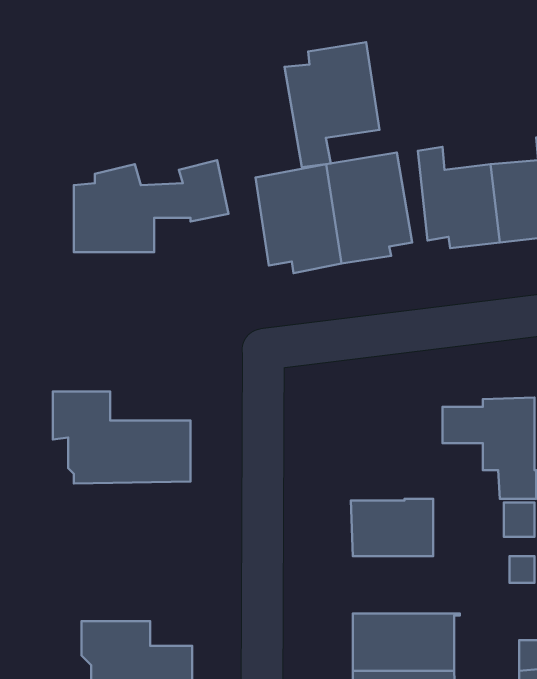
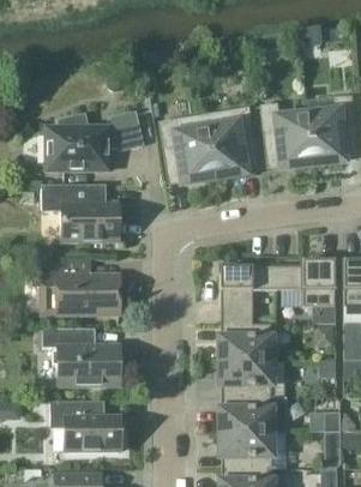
building: [285,42,380,167] -> none
building: none -> [43,184,120,242]
building: none -> [221,266,278,325]
building: none -> [43,327,121,385]
building: none -> [222,360,289,396]

